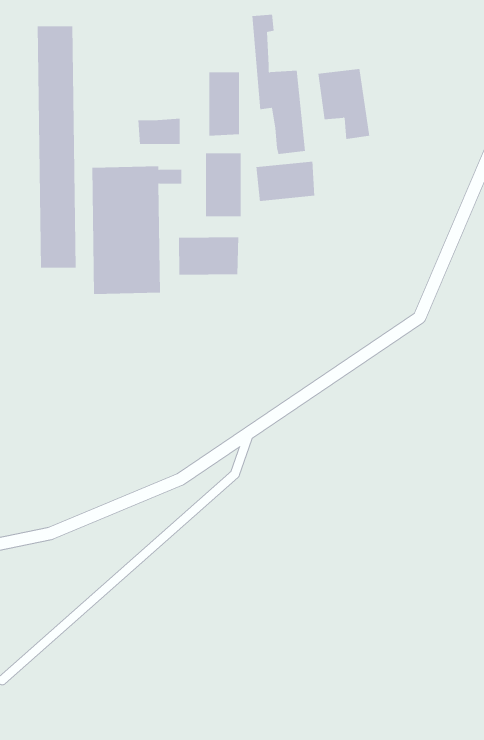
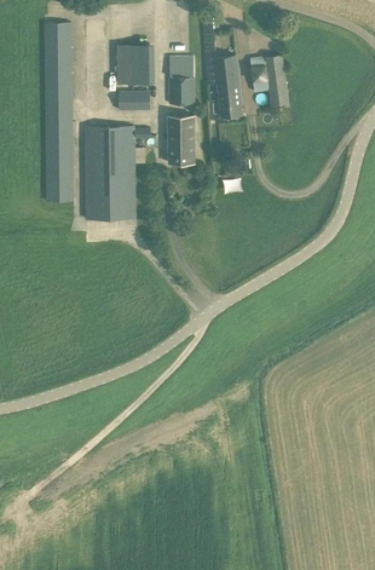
building: none -> [116,42,149,82]
building: [256,161,315,202] -> none
building: [178,236,239,276] -> none

